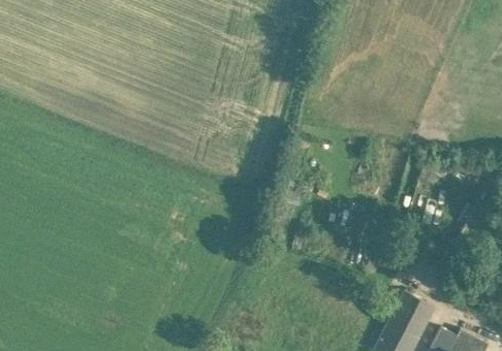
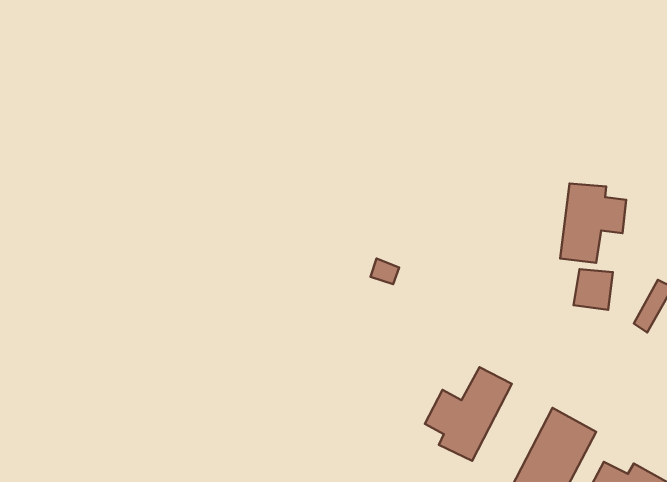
building: none -> [560,183,626,263]
building: none -> [425,367,512,461]

